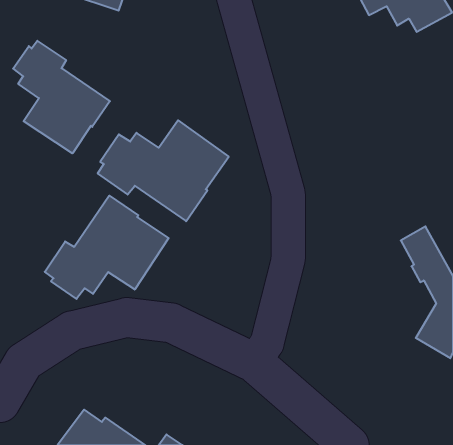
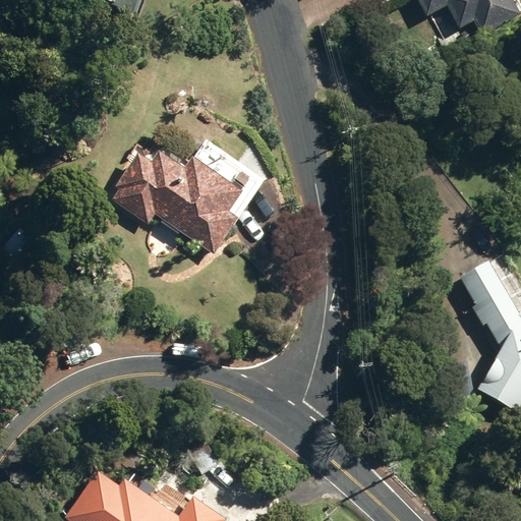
building: [13,41,110,153] -> none
building: [45,196,169,299] -> none

